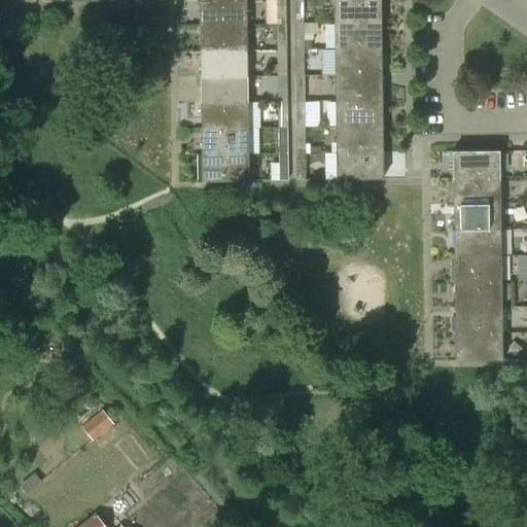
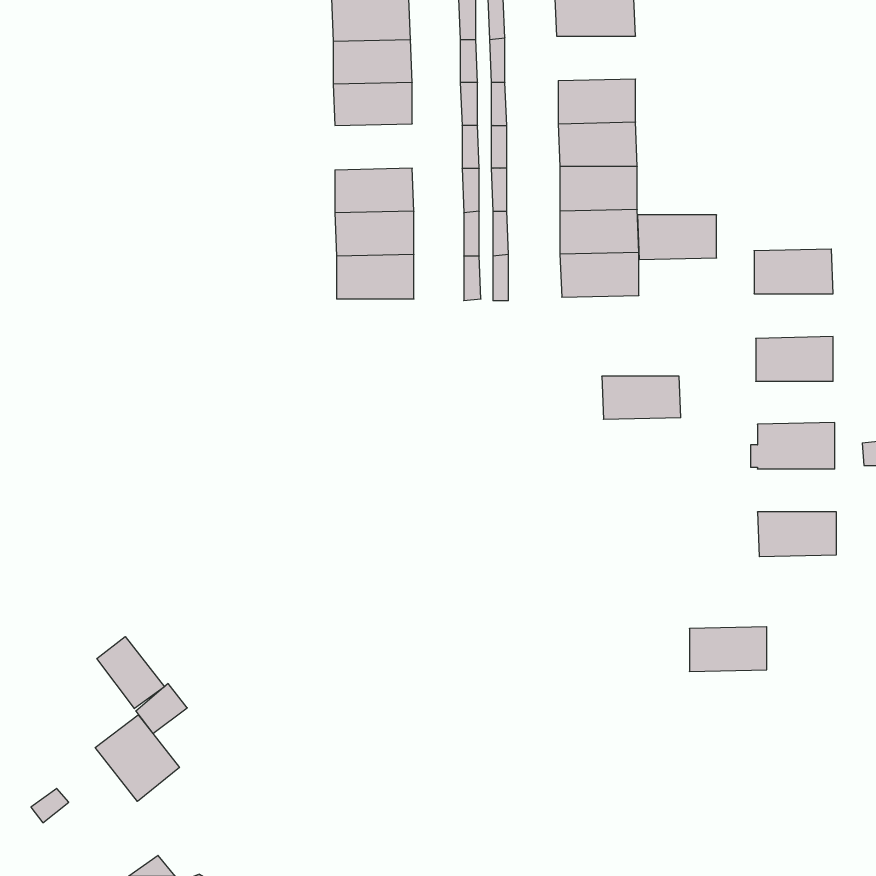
building: [335,22,382,48] -> none
building: [202,74,248,102] -> none
building: [453,176,500,203] -> [638,215,717,260]
building: [454,229,501,254] -> [602,376,681,419]
building: [455,281,502,307] -> none
building: [456,332,502,359] -> [689,627,767,671]
building: none -> [97,637,165,709]
building: none -> [95,715,179,801]

